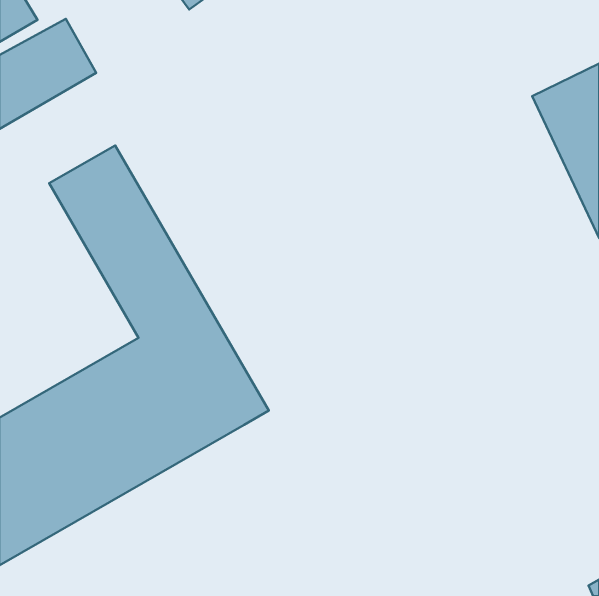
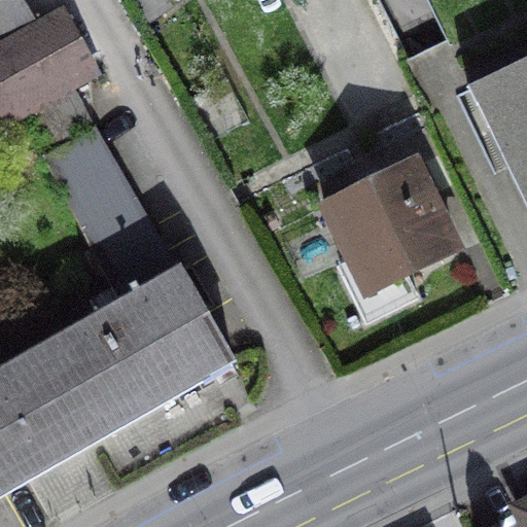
building: none -> [340,151,488,289]

